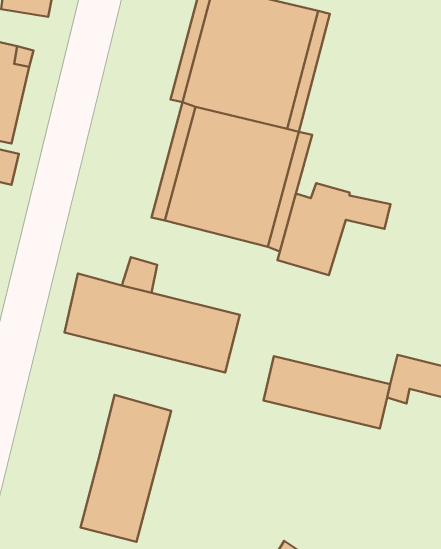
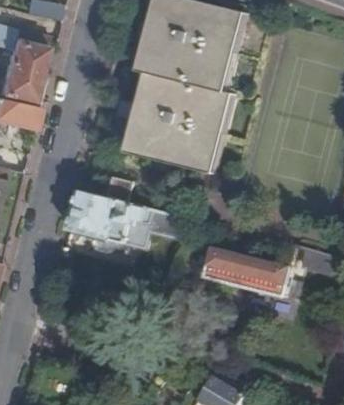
building: [278,183,390,275] -> none
building: [81,395,171,542] -> none

